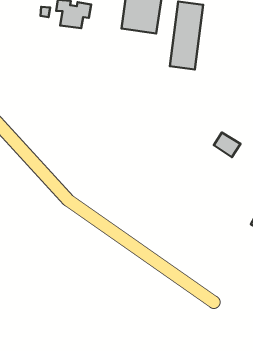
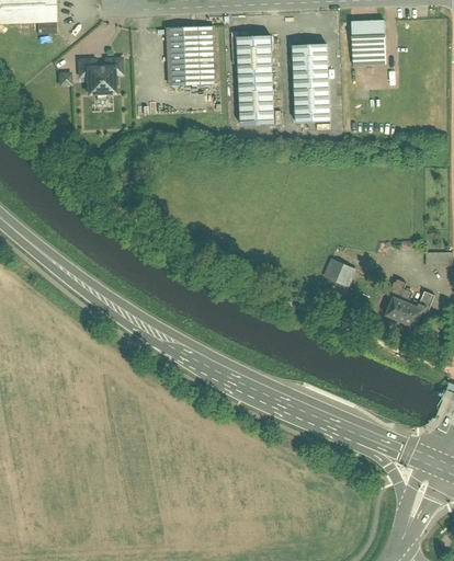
building: none -> [291,43,330,123]
building: [214,133,241,157] -> [322,257,357,288]

